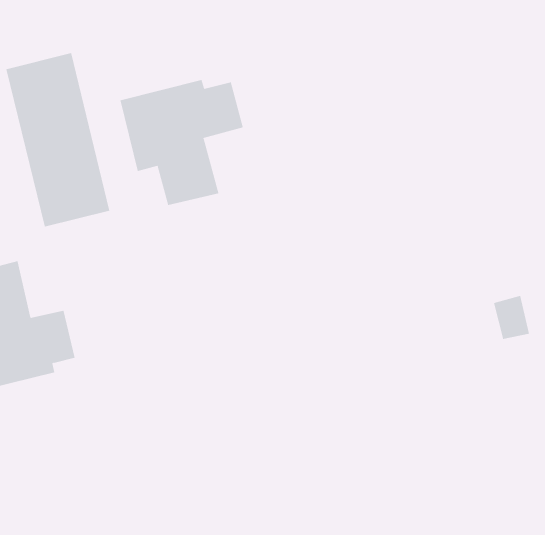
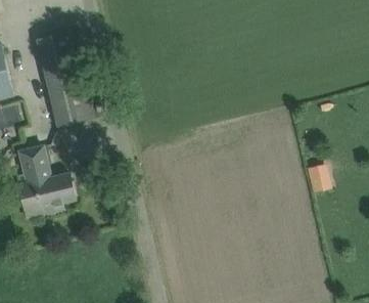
building: [120,79,244,206] -> none

